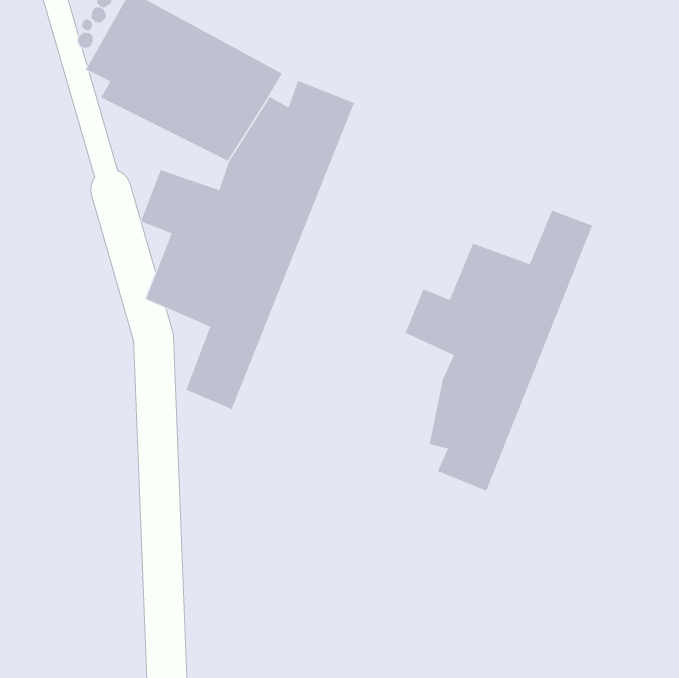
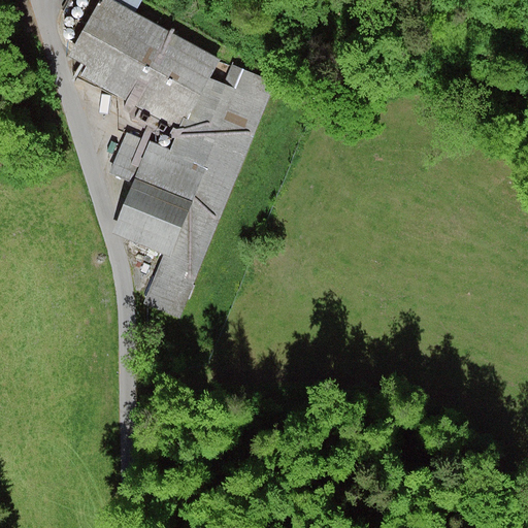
building: [405,210,593,491] -> none

